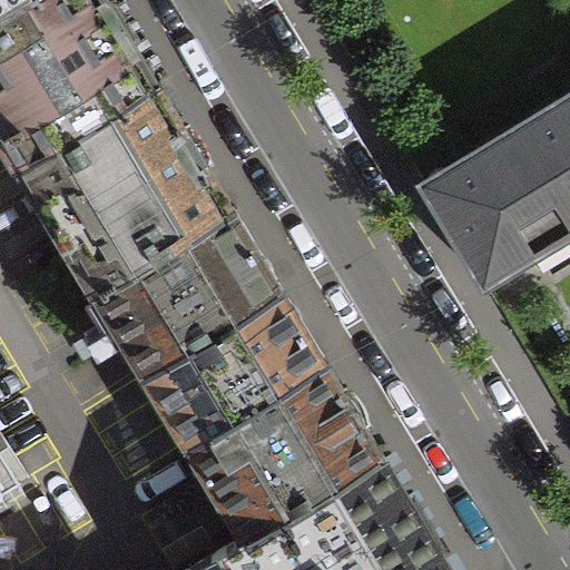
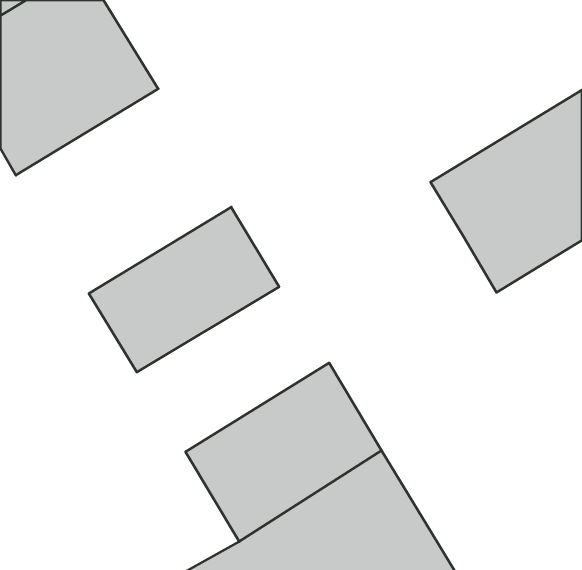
building: [16,98,226,298] -> none
building: [134,292,322,453] -> none

